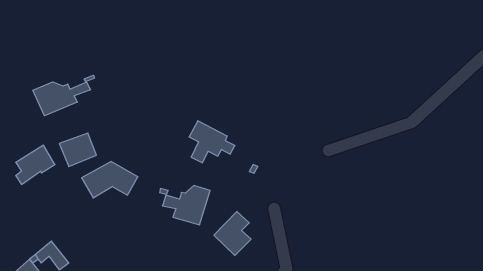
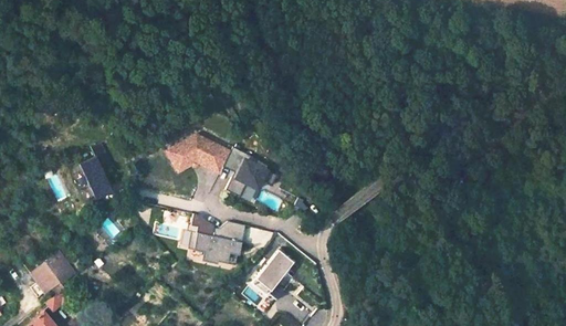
building: [33,75,94,116] -> none
building: [16,145,55,184] -> [30,252,75,297]
building: [82,162,138,198] -> [160,133,226,175]

